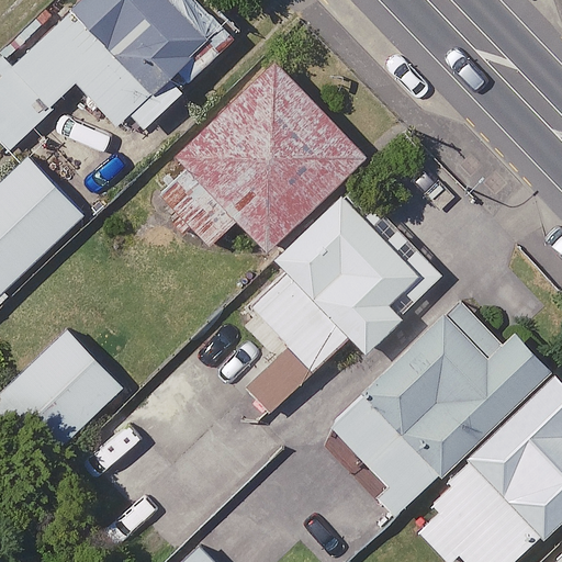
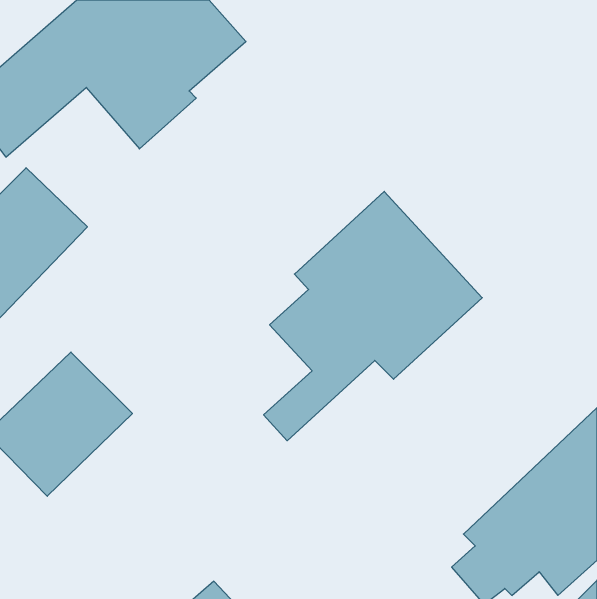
building: [158,61,368,252] -> none
building: [328,289,549,518] -> none

